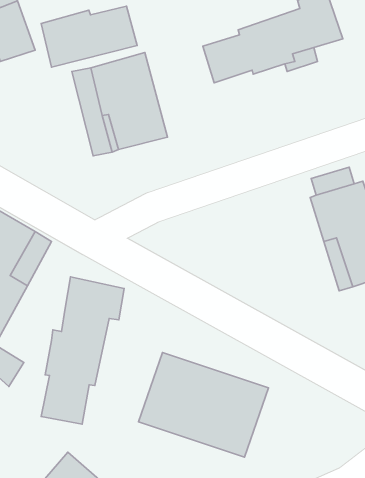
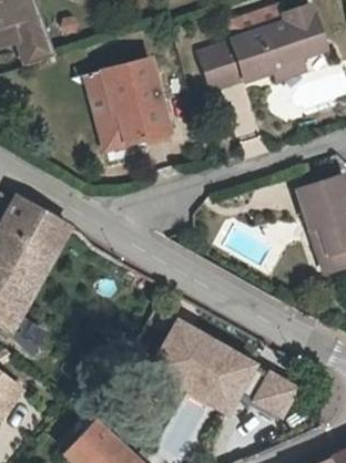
building: [41,6,137,67] -> none
building: [41,277,124,424] -> none
building: none -> [246,369,299,421]

